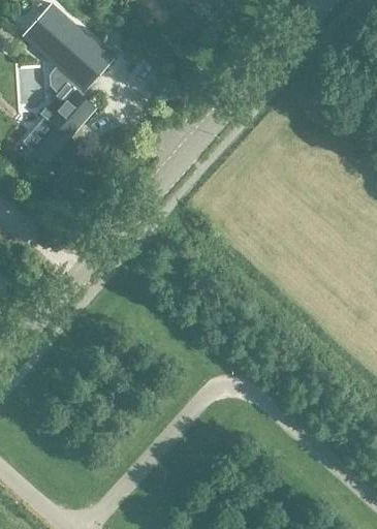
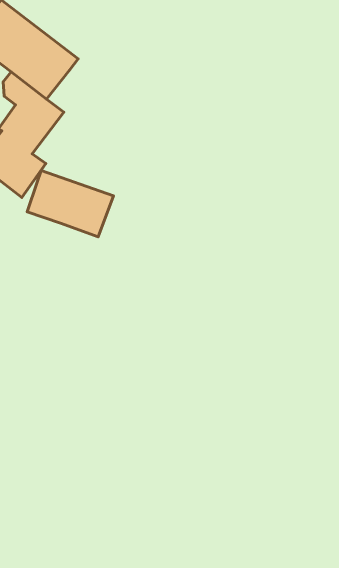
building: none -> [27,171,113,237]

